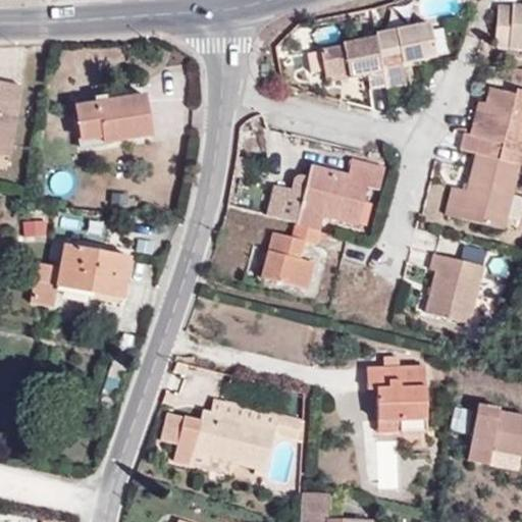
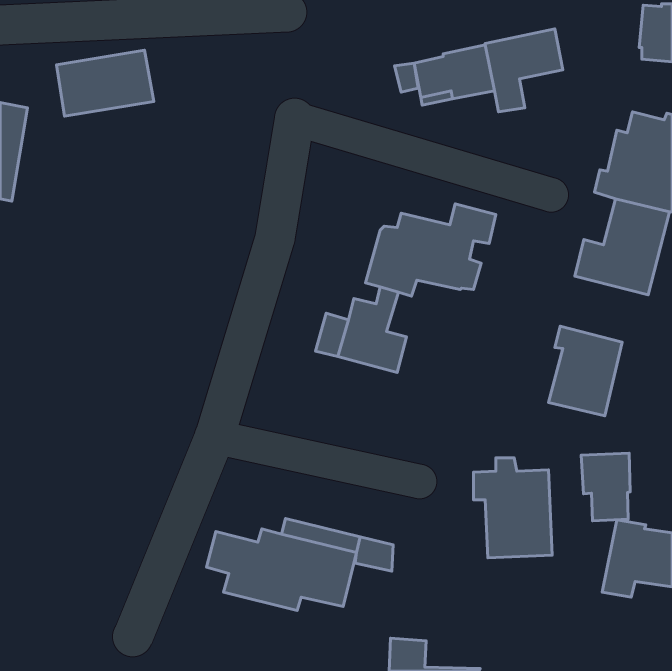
building: [76,94,152,145] -> [56,50,154,116]
building: [32,244,129,306] -> none
building: none -> [581,453,630,521]

